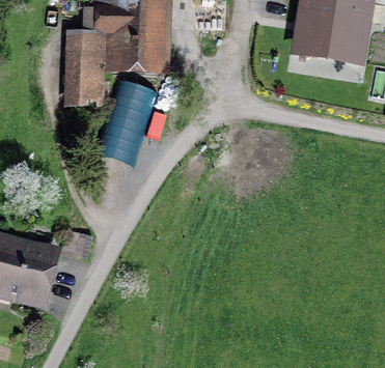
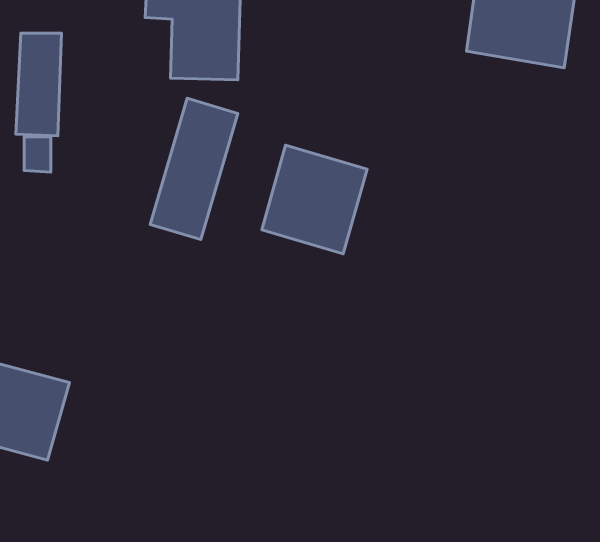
building: [70,40,98,104] -> [16,33,61,136]
building: none -> [262,145,367,254]

